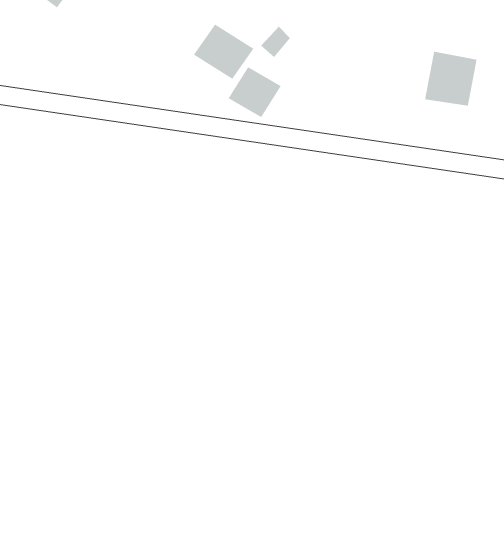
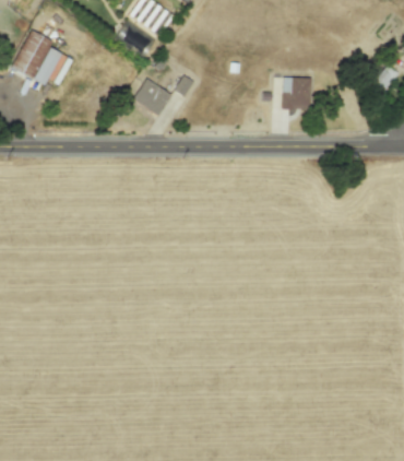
building: [227,66,282,118] -> none

